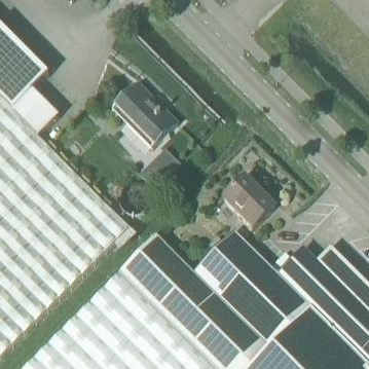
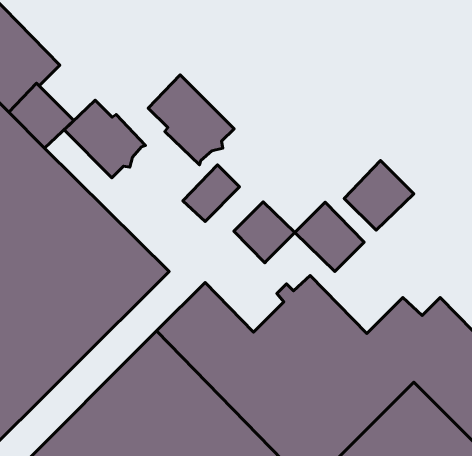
building: none -> [64,100,145,178]
building: none -> [344,160,414,230]
building: none -> [234,202,295,263]

